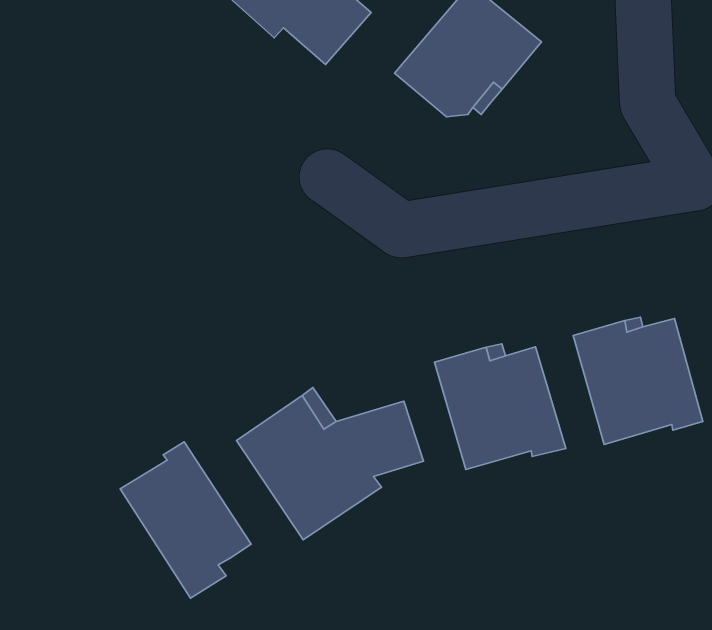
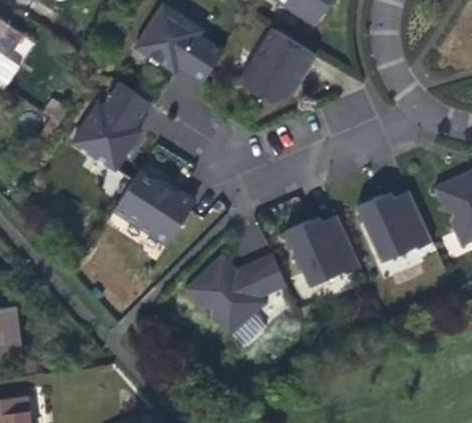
building: none -> [74,83,152,171]
building: none -> [113,171,194,244]
building: [120,442,251,598] -> none

